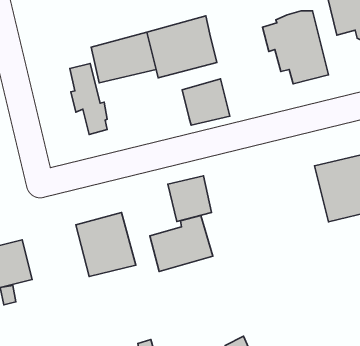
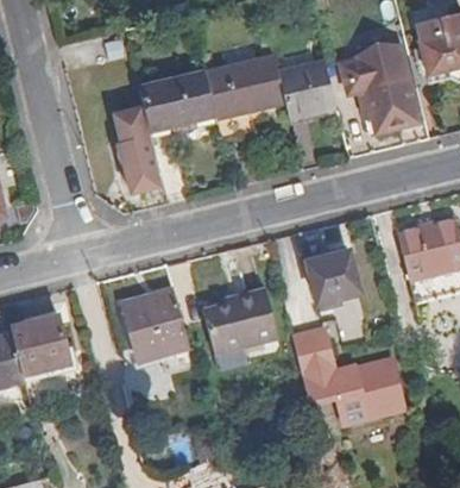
building: [182,79,230,125] -> [277,61,333,115]
building: [168,176,212,222] -> [307,249,358,302]
building: none -> [295,323,409,420]

